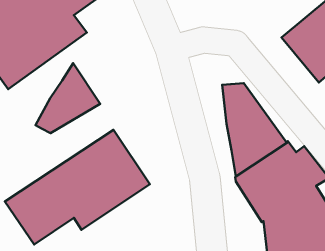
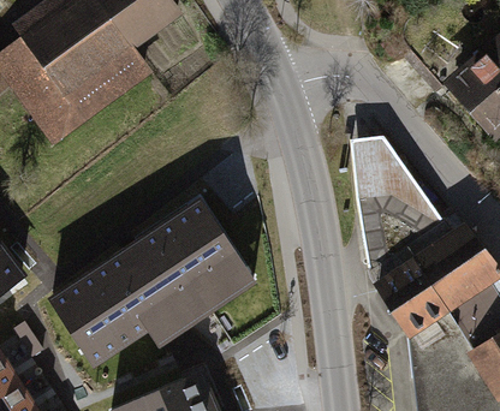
building: [35,63,100,133] -> none

